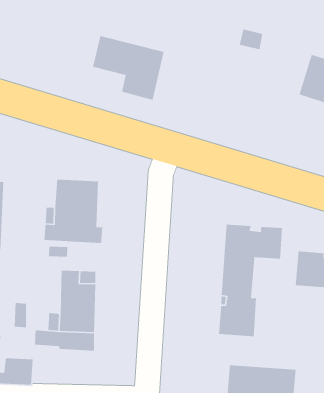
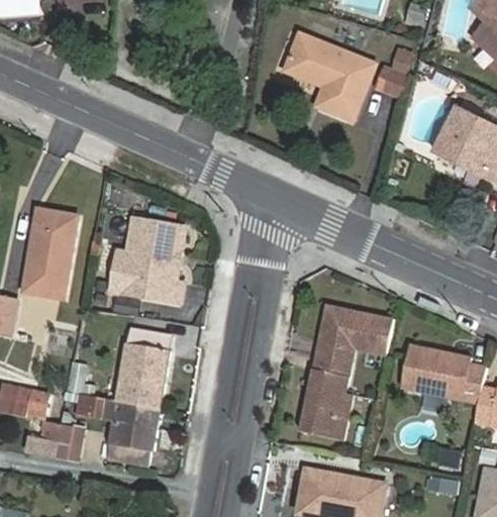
building: [92,35,164,101] -> [284,37,372,123]
building: none -> [106,422,155,466]

